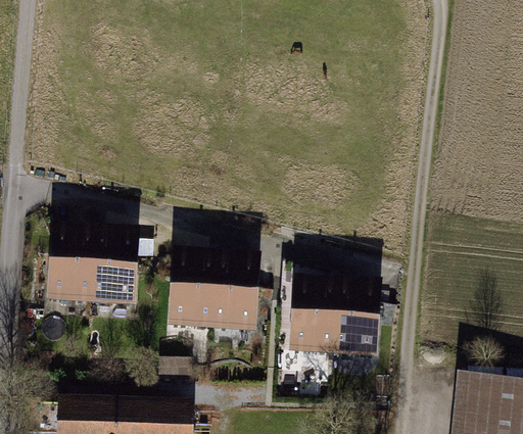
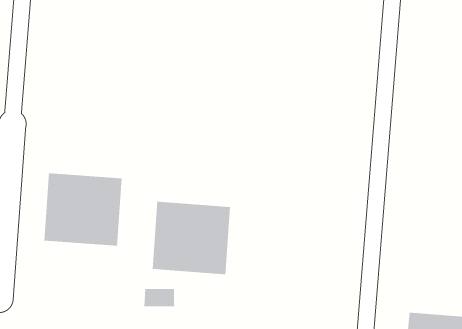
building: [289,280,377,360] -> none

